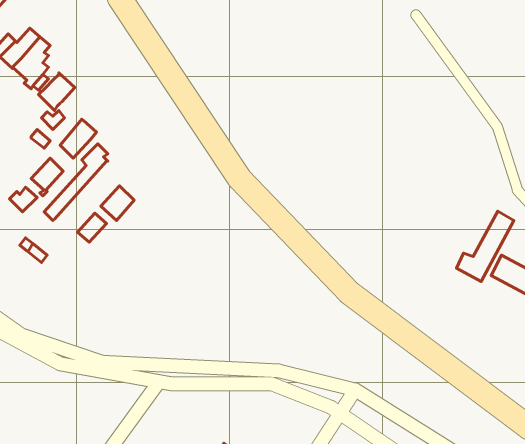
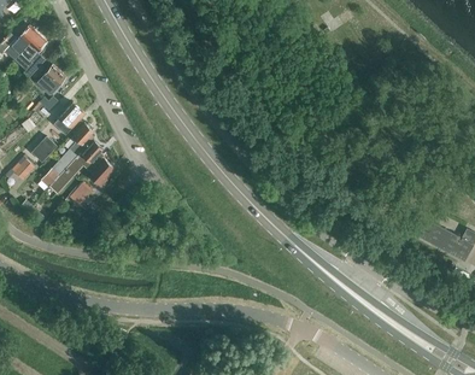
building: none -> [49,139,104,194]
building: [456,211,514,282] -> none

